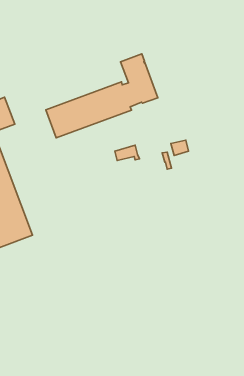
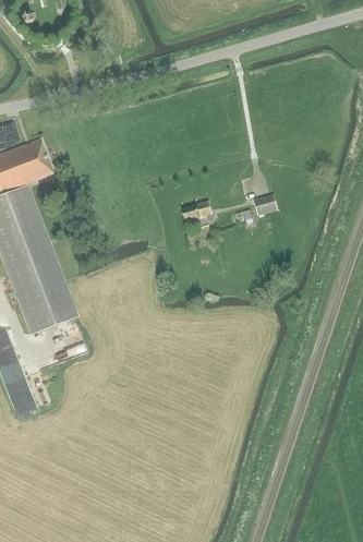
building: [46,54,158,138] -> none

